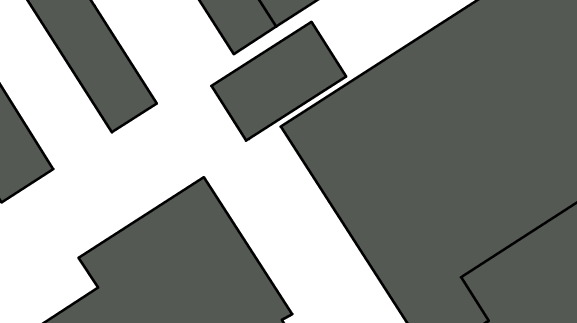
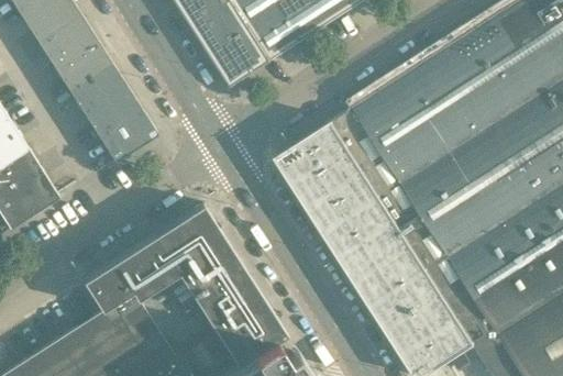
building: [211,22,346,141] -> none

